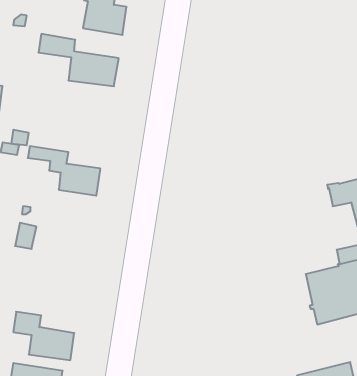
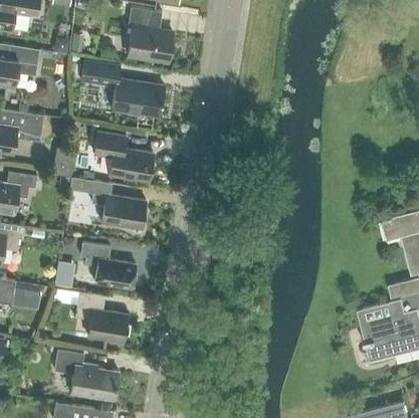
building: none -> [93,133,153,181]
building: none -> [80,242,135,288]
building: none -> [74,292,128,343]

